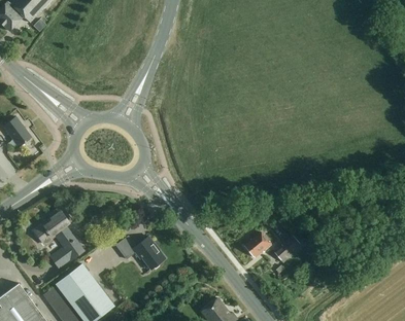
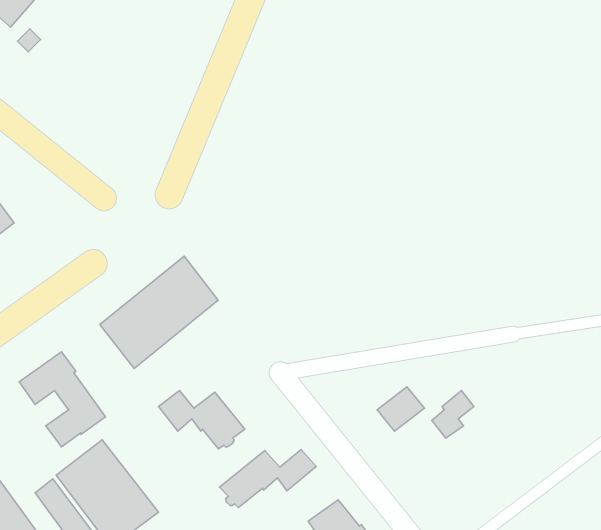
building: none -> [100,256,218,368]
building: none -> [219,450,316,508]

